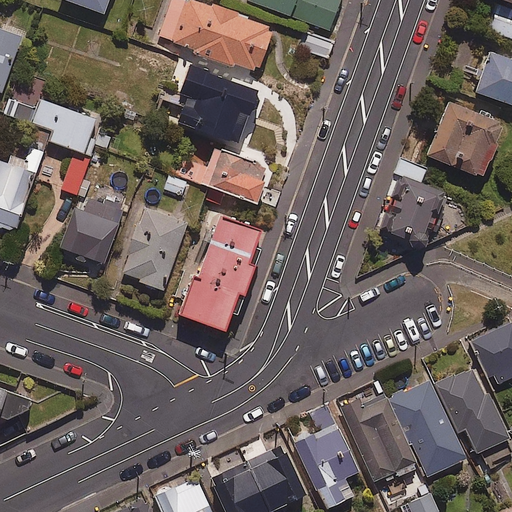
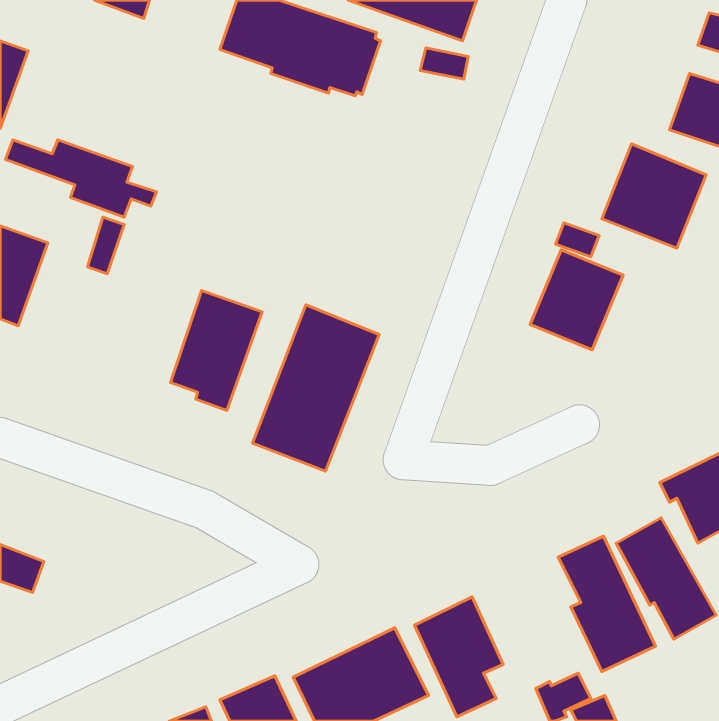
building: [174,65,256,144] -> none
building: [178,144,268,204] -> none
building: [57,202,121,269] -> none
building: [343,396,414,483] -> none

